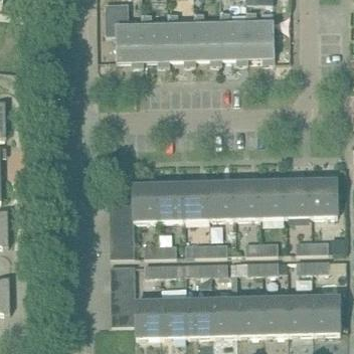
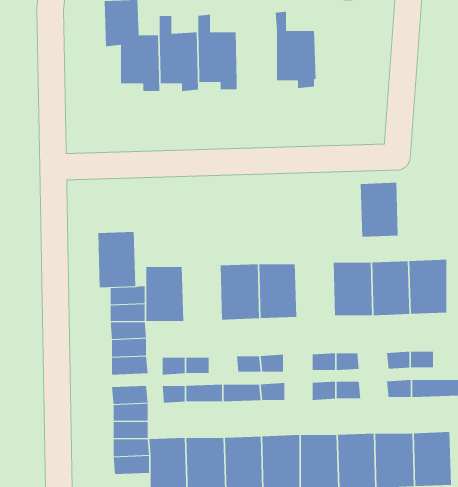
building: [247,11,275,62] -> none
building: [194,13,221,63] -> none
building: [234,181,260,218] -> [360,182,399,237]
building: [158,183,184,221] -> [97,231,136,288]

